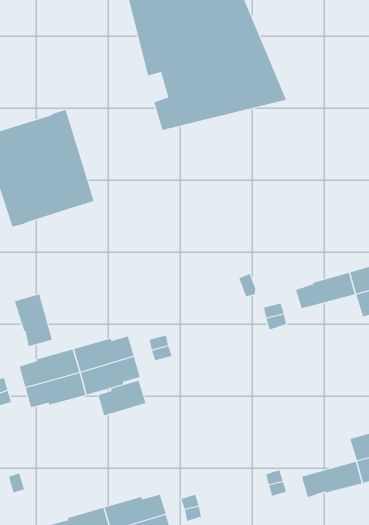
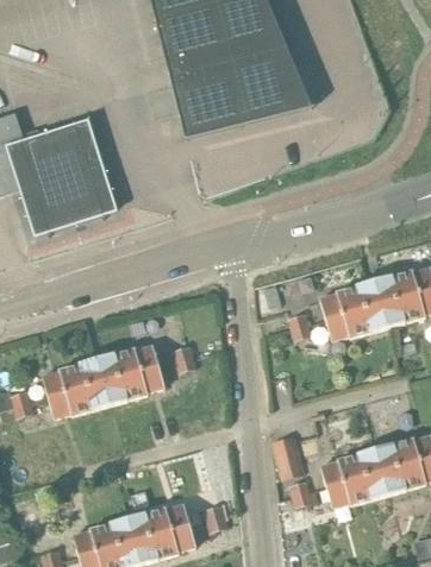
building: [14,293,52,347] -> none
building: none -> [326,304,388,341]
building: [98,380,146,416] -> none
building: none -> [271,436,304,477]
building: none -> [320,449,382,487]

